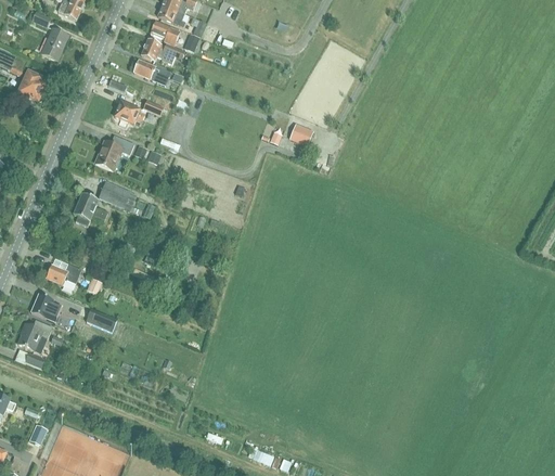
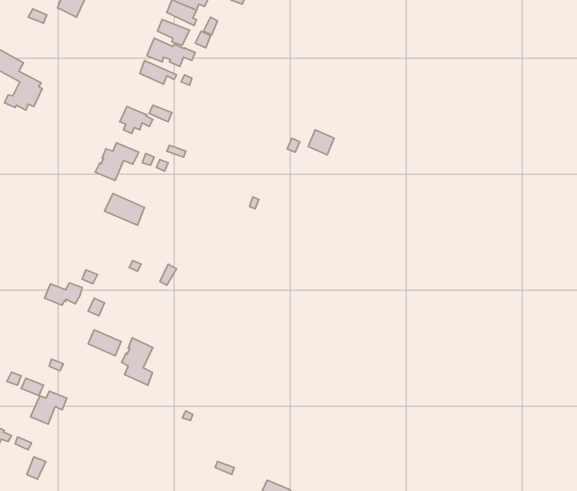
building: [40,27,66,59] -> none
building: [74,193,105,226] -> none
building: [31,295,63,322] -> none
building: none -> [121,338,153,385]
building: [17,320,51,350] -> [31,391,67,424]

